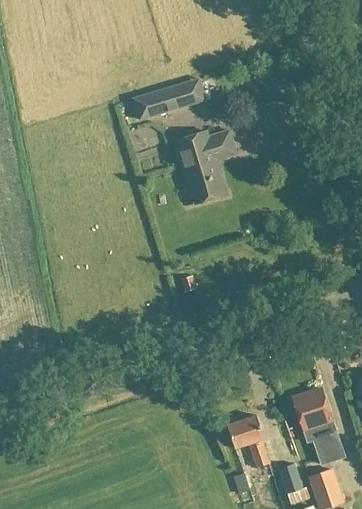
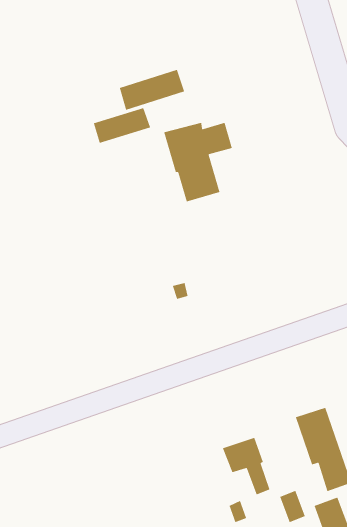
building: none -> [93,107,151,144]

